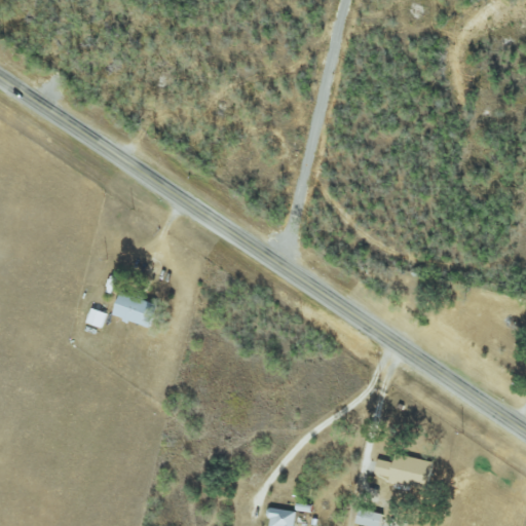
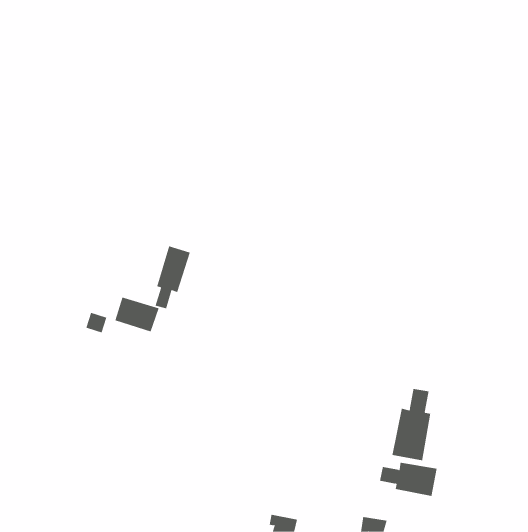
building: none -> [155,245,191,309]
building: none -> [392,388,431,461]

